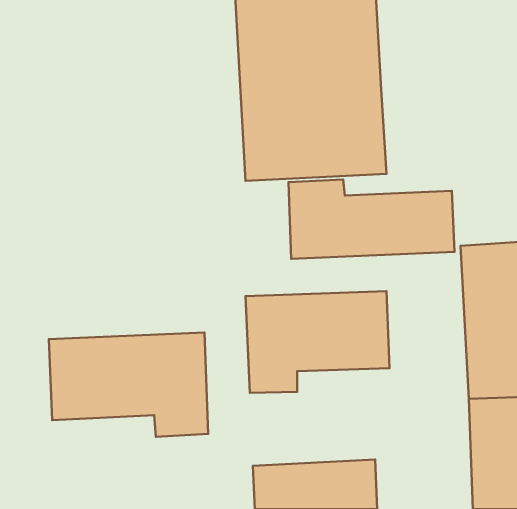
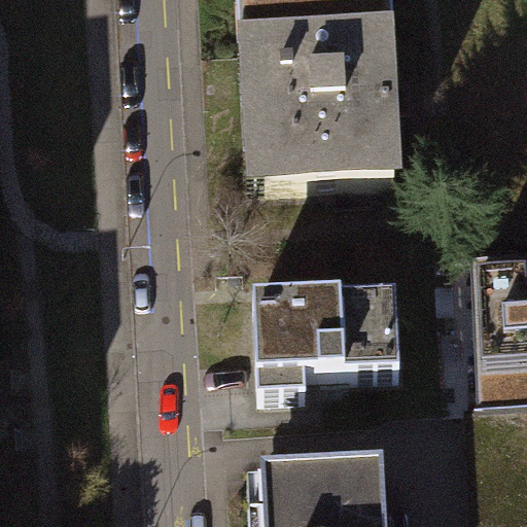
building: [288,179,454,259] -> none
building: [49,332,208,437] -> none

